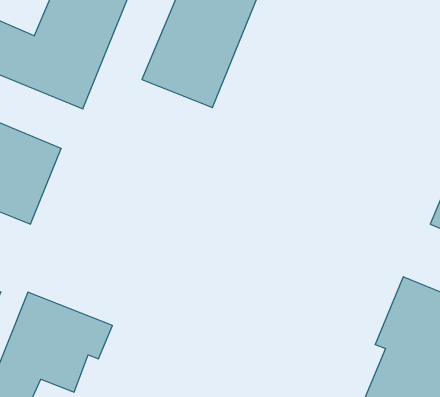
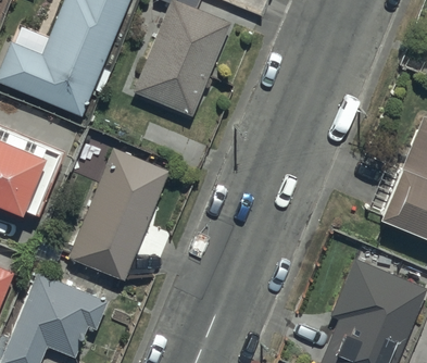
building: none -> [68,149,169,281]

